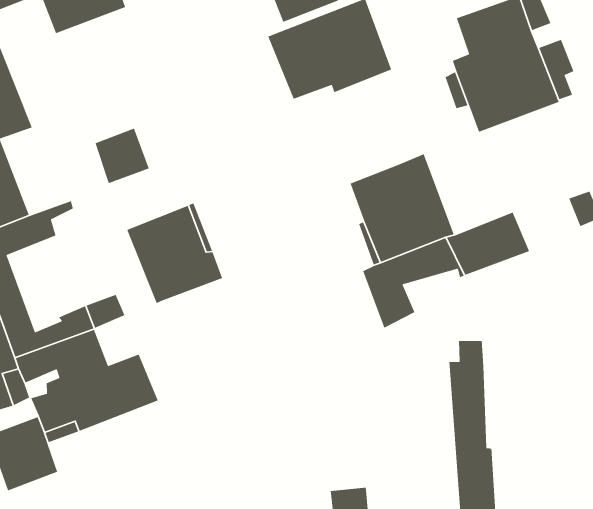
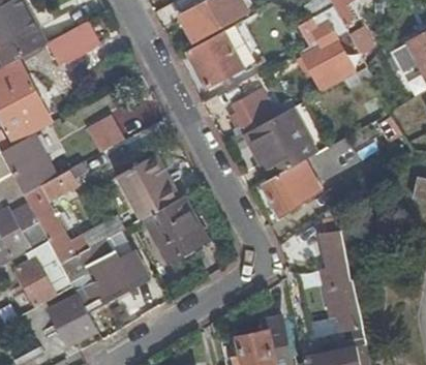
building: none -> [227,92,274,132]
building: none -> [143,197,206,264]

